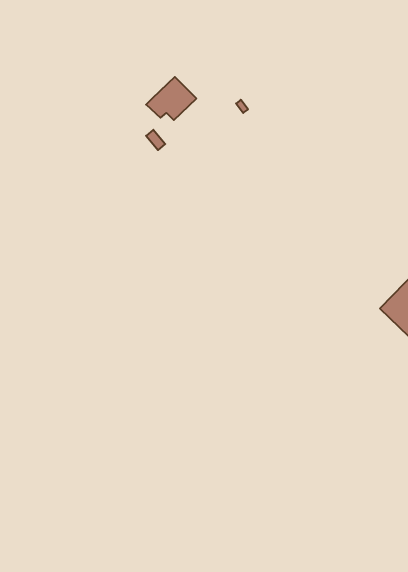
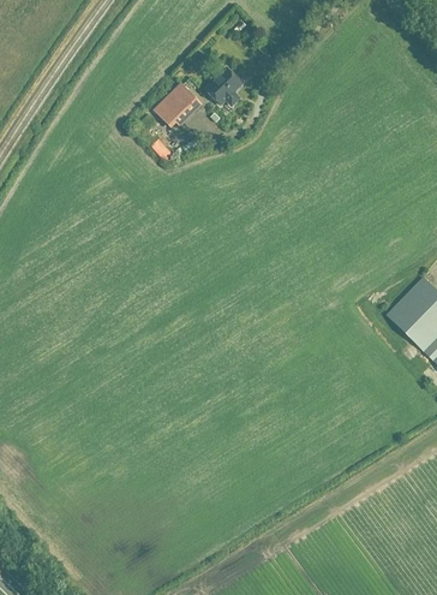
building: none -> [204,67,241,106]

